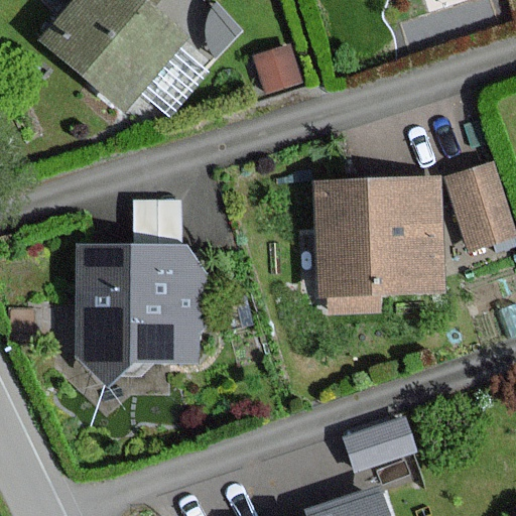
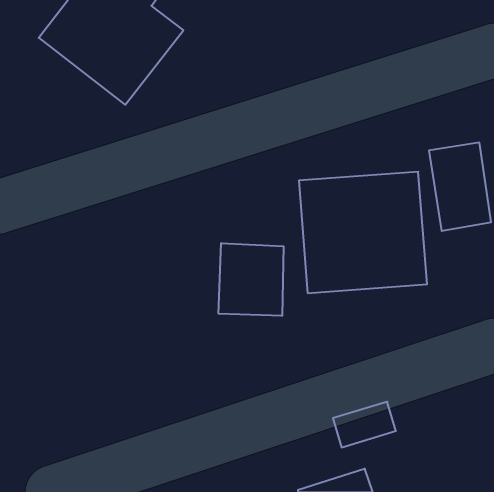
building: [77,247,205,393] -> none
building: none -> [219,243,284,316]

